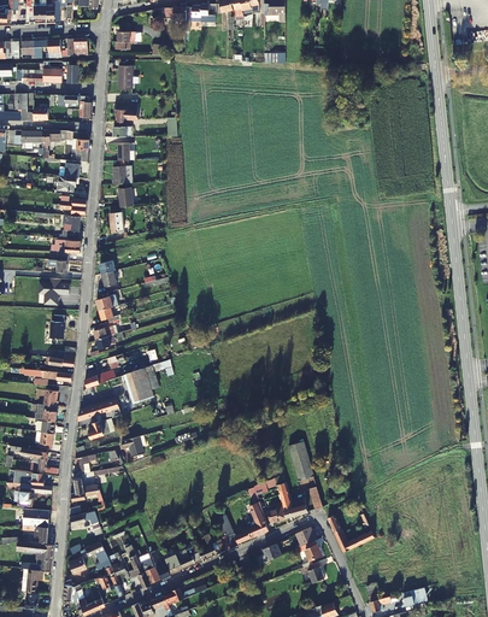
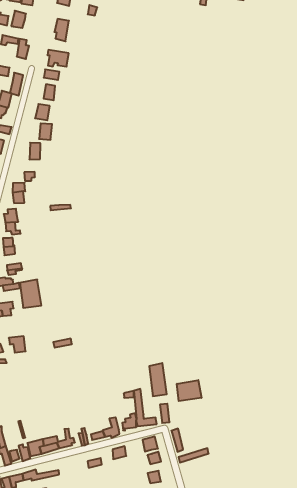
building: none -> [177,380,201,401]

